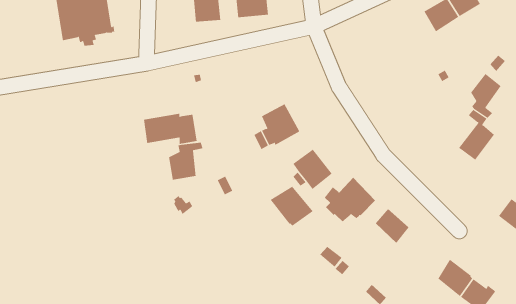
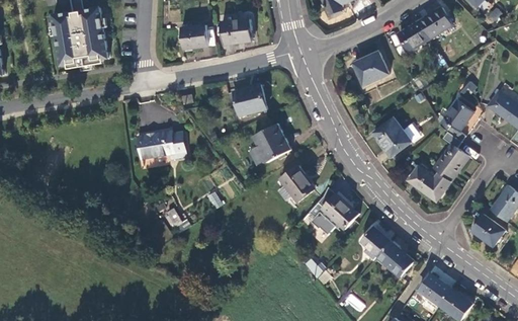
building: none -> [356,54,392,88]
building: none -> [235,83,267,114]
building: none -> [371,112,418,151]
building: [169,142,203,180] -> none
building: none -> [406,162,448,196]
building: [270,186,313,227] -> none
building: none -> [373,239,407,273]

